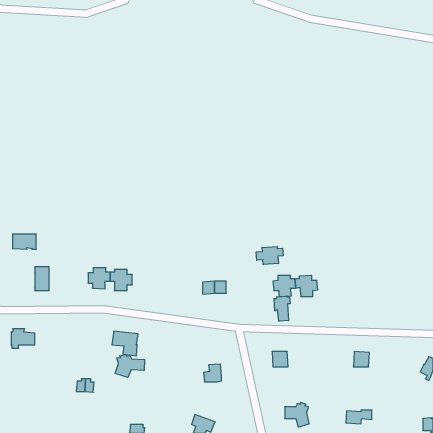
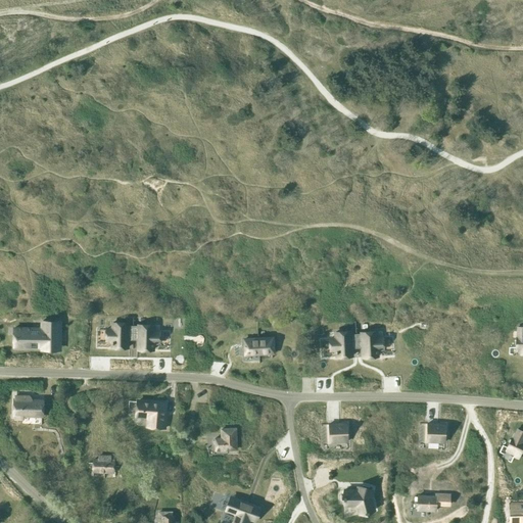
building: [13,234,36,249] -> [13,329,42,347]
building: [256,246,283,265] -> none
building: [274,296,290,321] -> none
building: [115,355,144,377] -> none
building: [204,364,221,382] -> [215,429,236,450]

